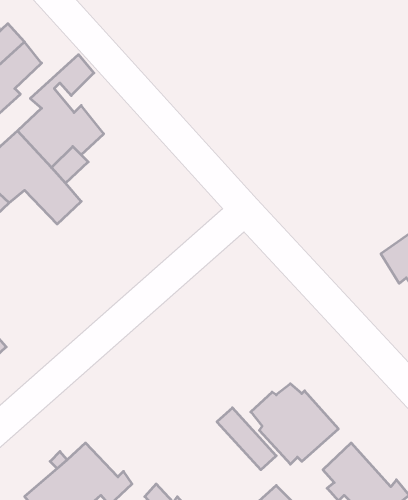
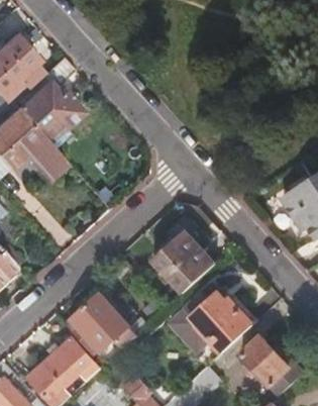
building: none -> [154,230,215,291]
building: none -> [67,289,141,353]

